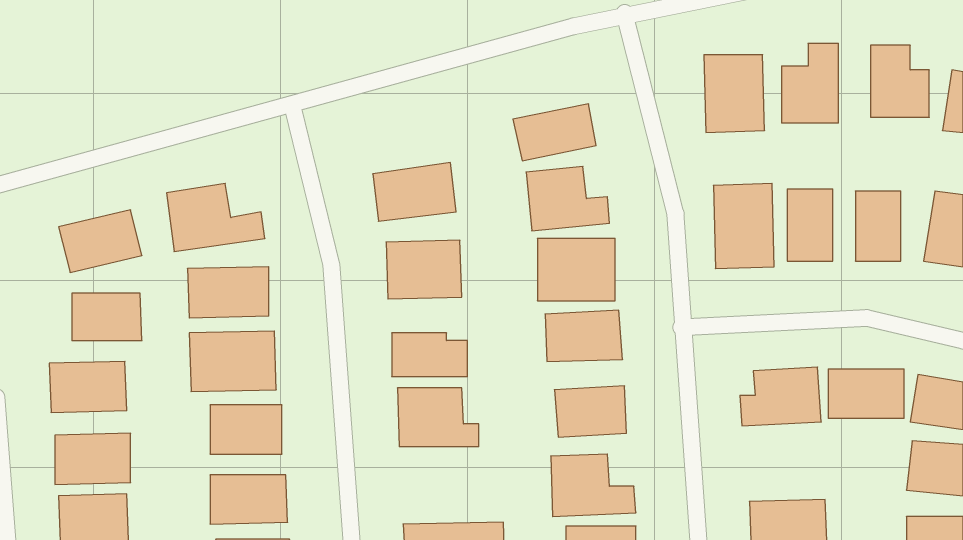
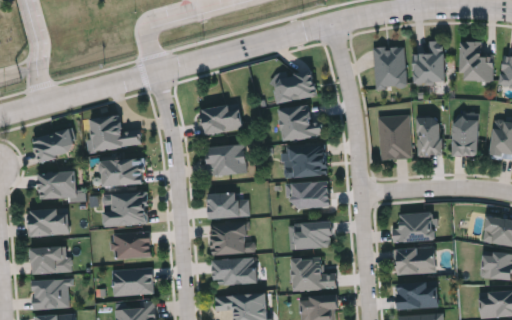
building: [828,369,904,418] -> [395,248,435,274]
building: none -> [212,257,257,286]

